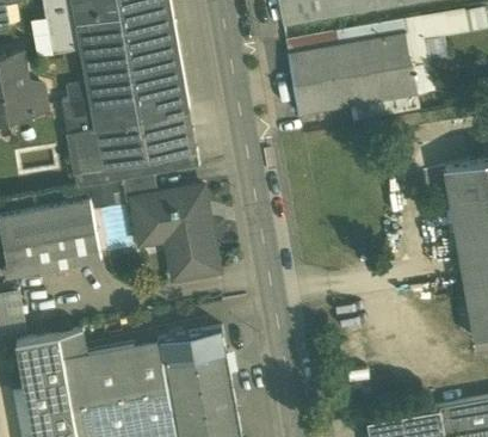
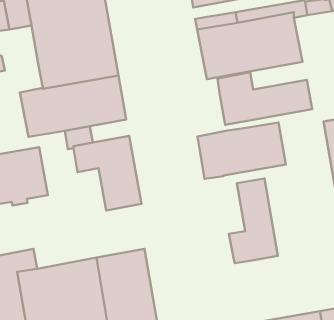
building: [61,97,94,133] -> none
building: none -> [217,72,312,125]
building: none -> [198,122,286,179]
building: none -> [229,178,278,263]

